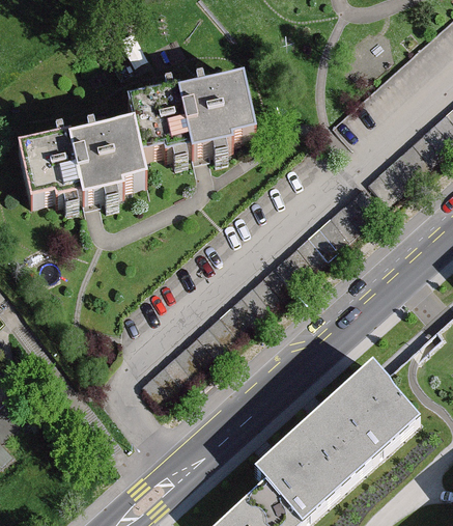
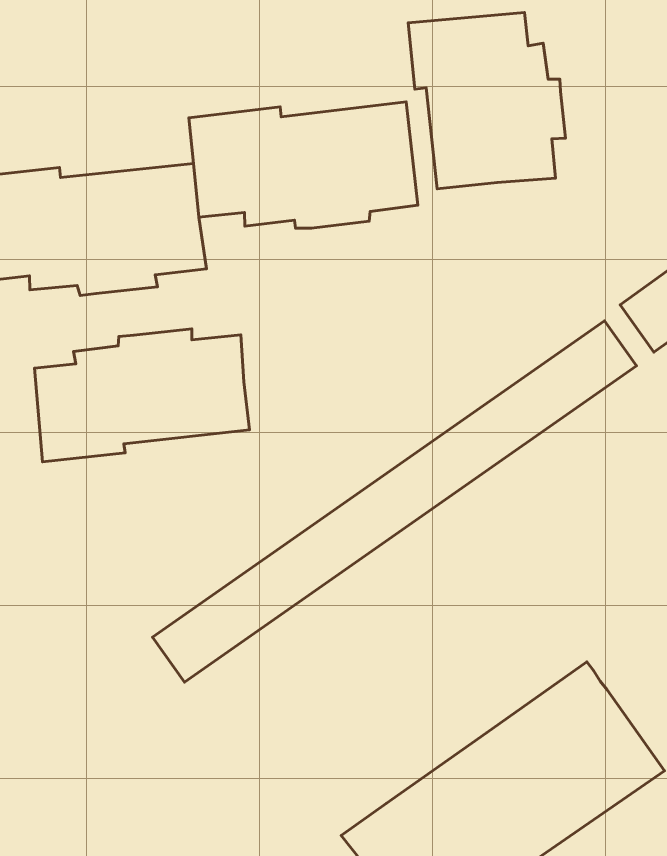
building: none -> [408,12,566,189]
building: none -> [35,329,249,462]

